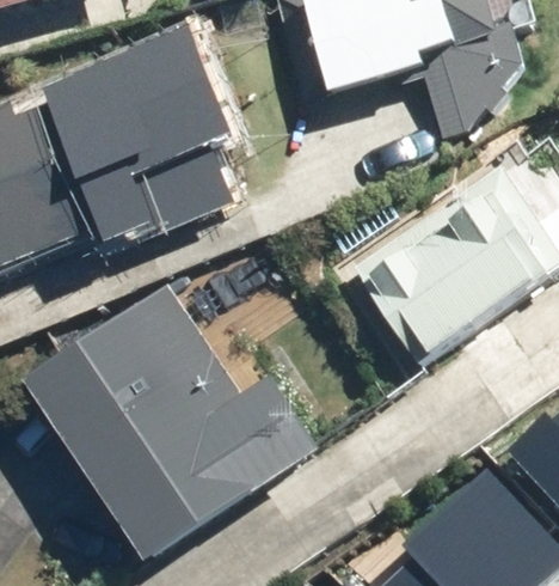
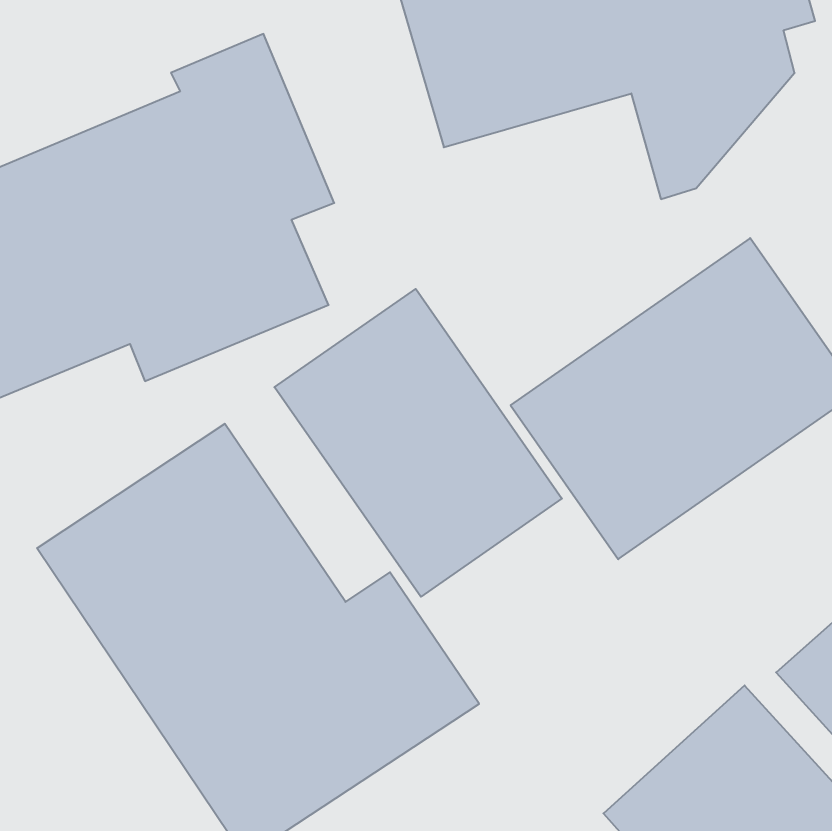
building: none -> [274,289,562,597]

